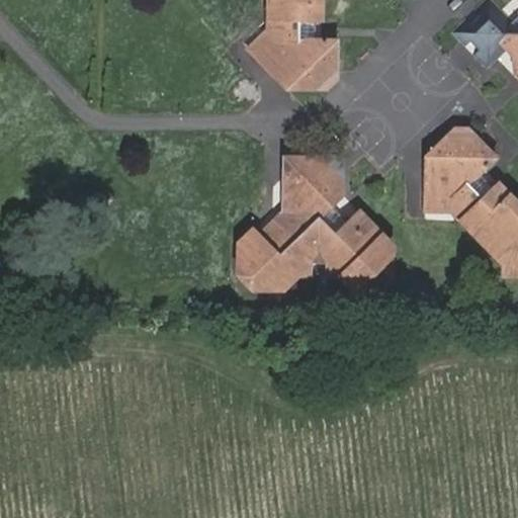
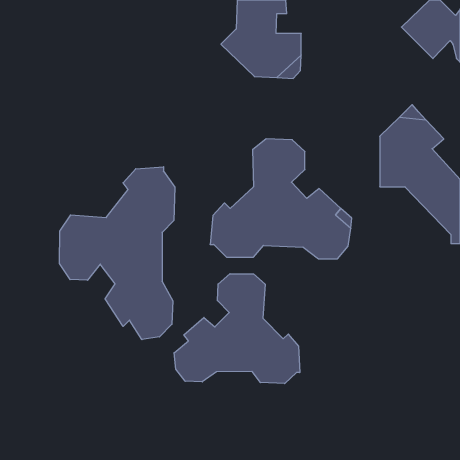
building: none -> [59,167,175,340]
building: none -> [174,274,300,384]

